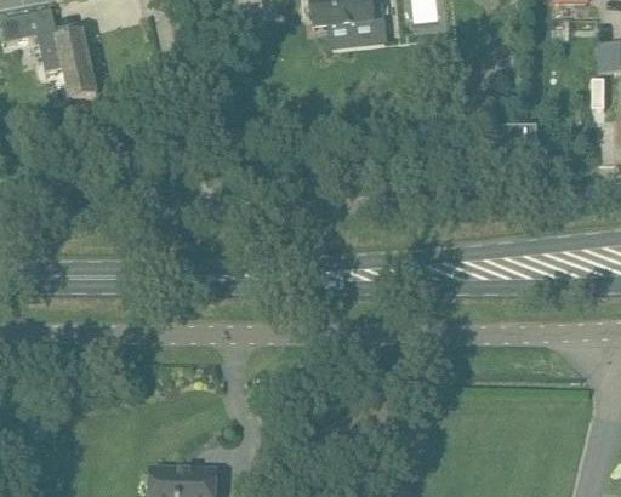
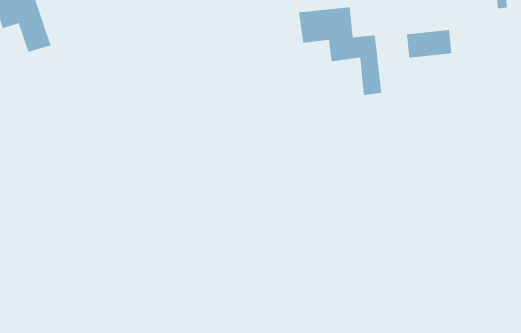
building: none -> [299,6,382,96]

